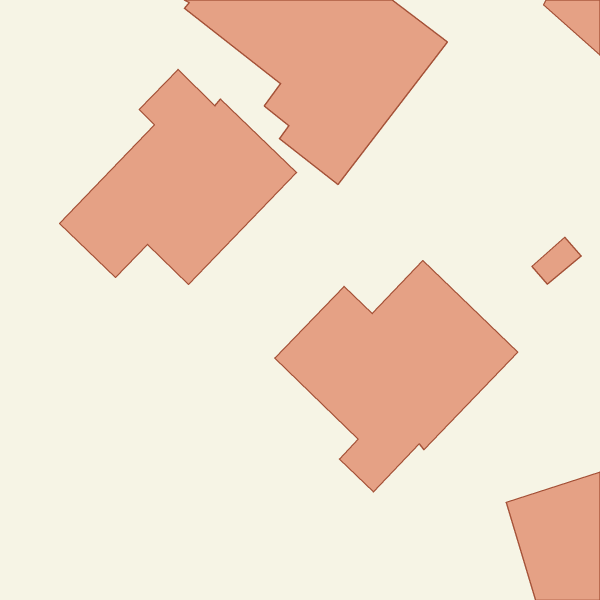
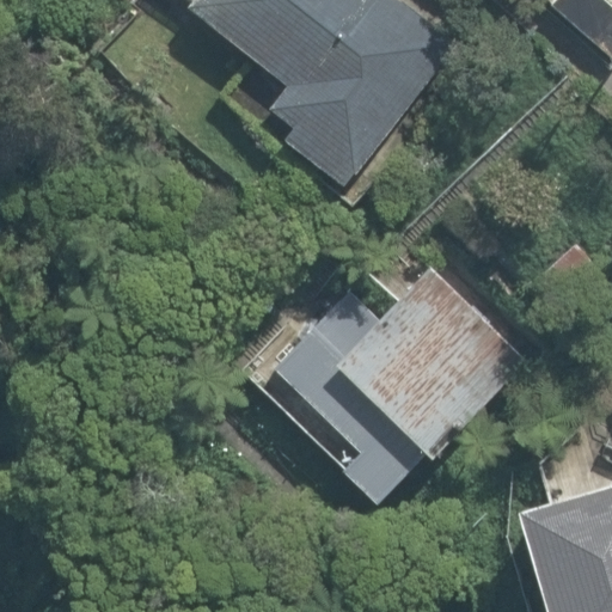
building: [60,69,297,284] -> none

